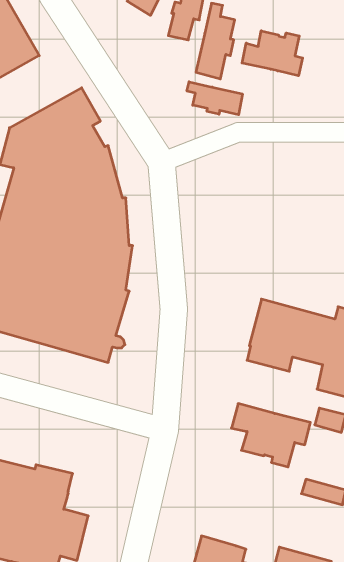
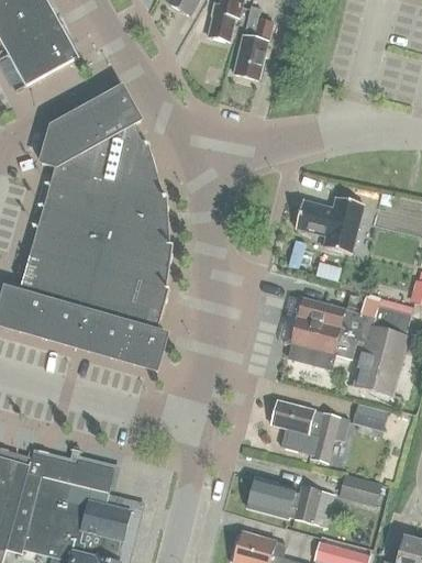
building: [242,31,303,76] -> none
building: [187,82,242,115] -> none
building: none -> [295,197,364,255]
building: none -> [246,477,333,527]

